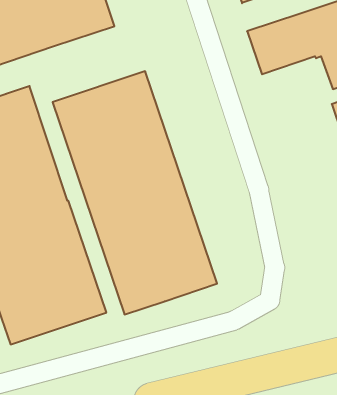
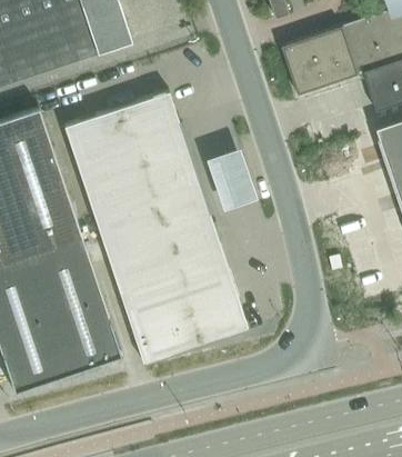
building: none -> [210,156,260,217]

